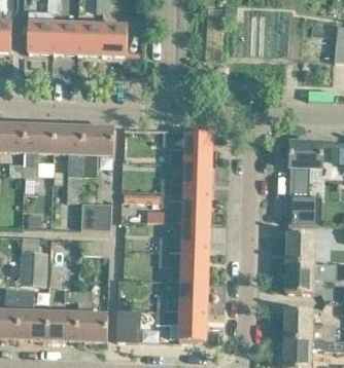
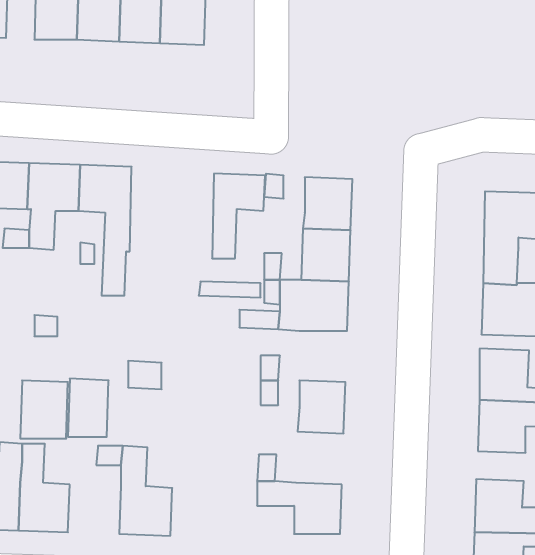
building: [82,126,113,176] -> [212,174,265,258]
building: [80,203,110,230] -> none
building: [181,222,209,252] -> none
building: [179,281,207,311] -> none
building: [114,308,140,341] -> none
building: [46,311,77,340] -> none

